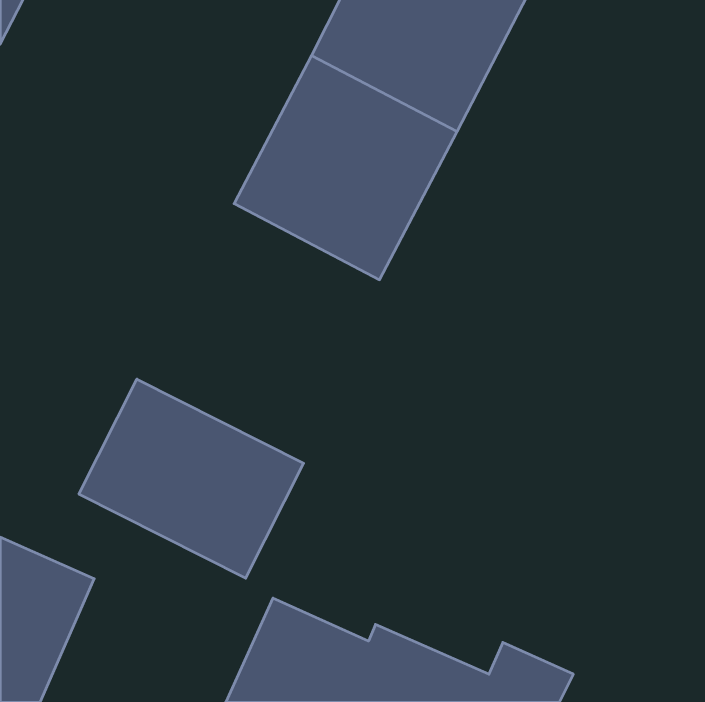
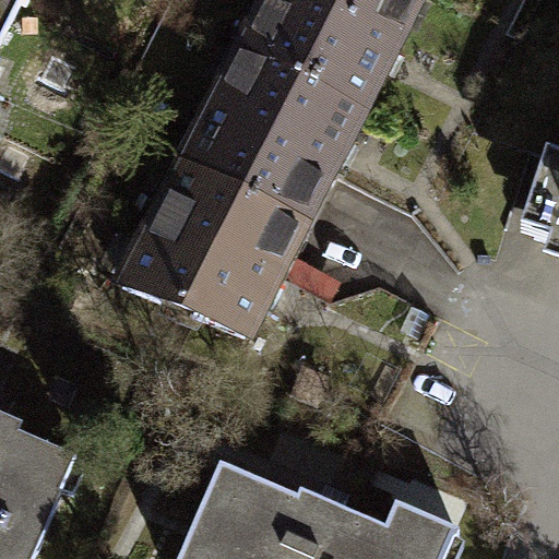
building: none -> [123,160,301,337]
building: [79,379,304,578] -> none

